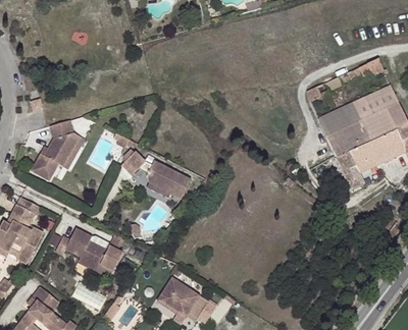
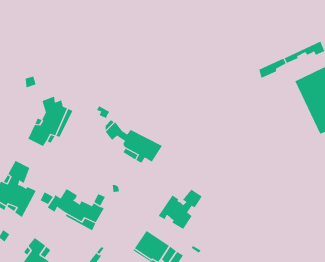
building: [315,104,375,190] -> none
building: none -> [158,189,202,230]

